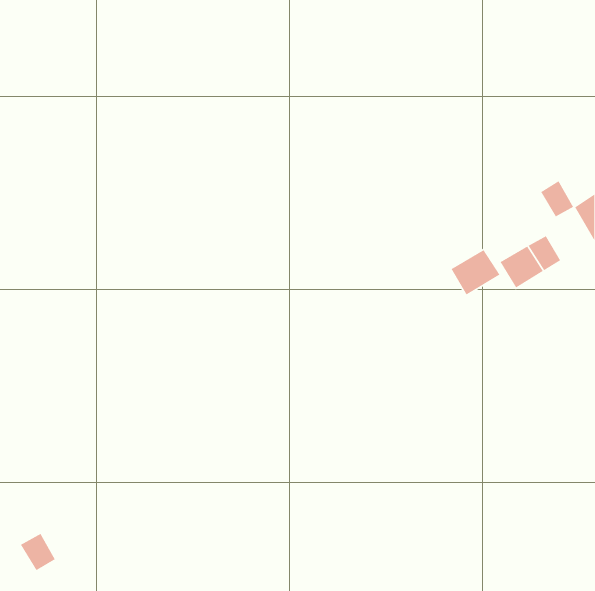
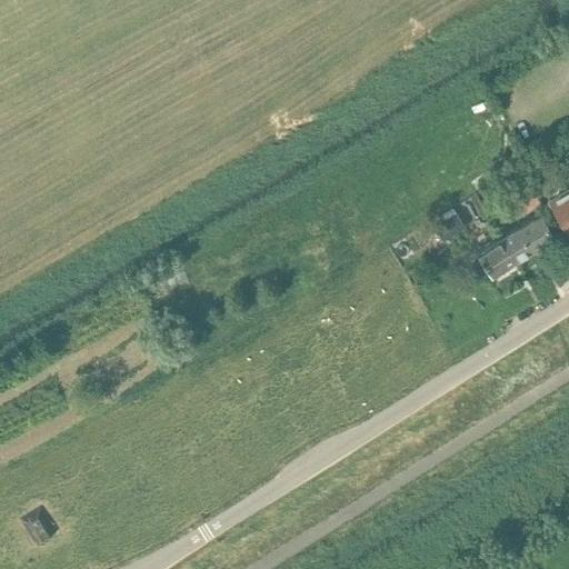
building: [540,180,574,218] -> [521,217,553,252]
building: [450,249,500,296] -> none

